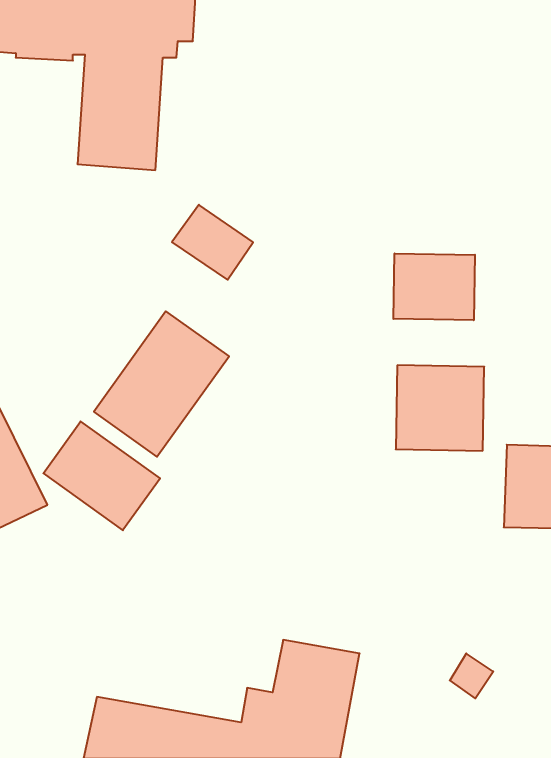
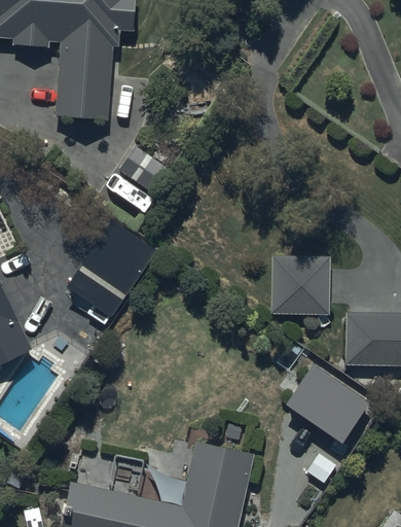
building: [393,253,475,320] -> none
building: [43,421,160,530] -> none
building: none -> [283,361,367,442]

